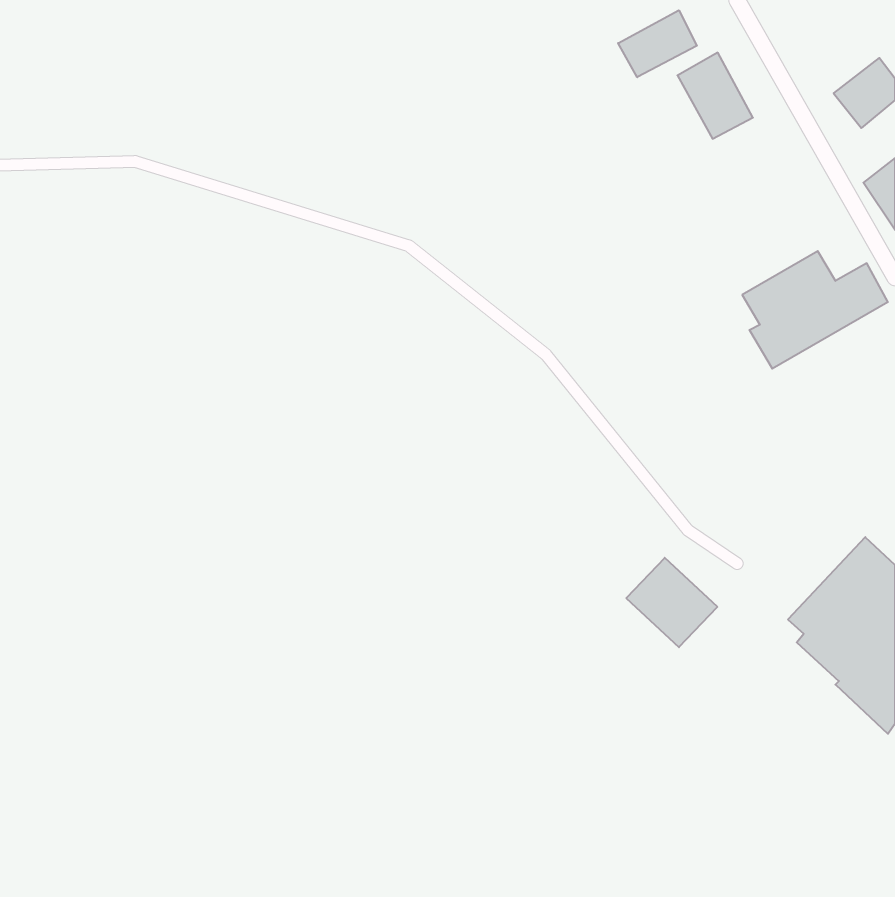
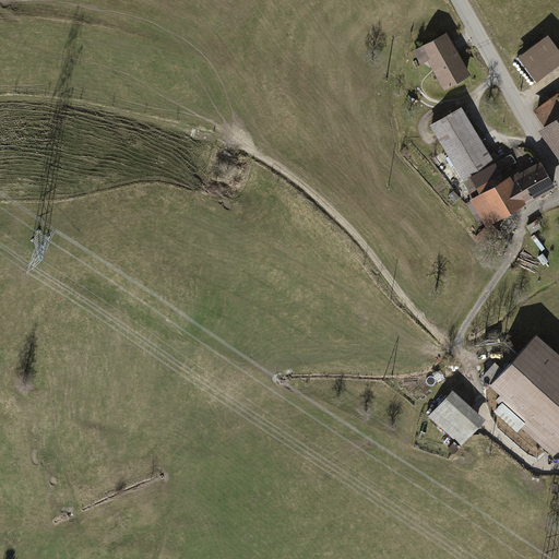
building: [618,10,697,77] -> none
building: none -> [430,107,491,178]
building: [626,558,717,647] -> [429,389,486,444]

